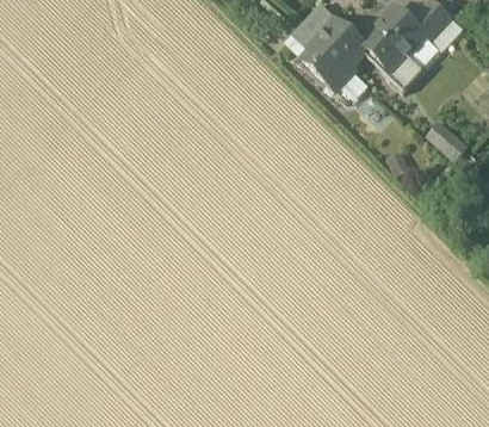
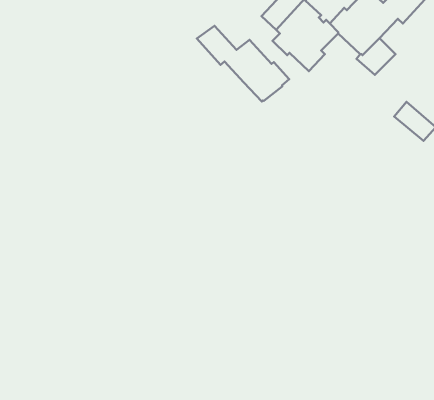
building: none -> [197,26,289,101]

